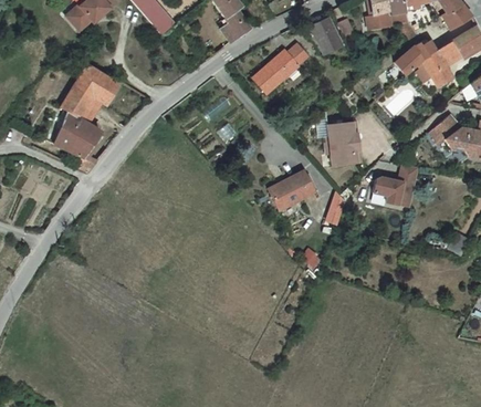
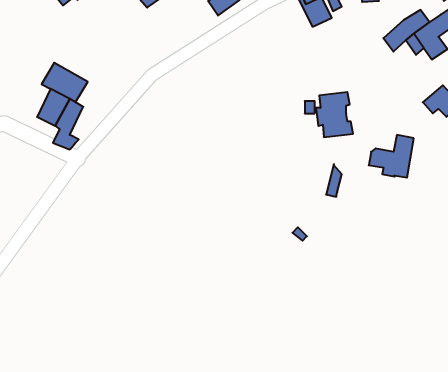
building: [257,45,309,92] -> none
building: [70,66,115,107] -> none
building: [272,169,318,208] -> none

